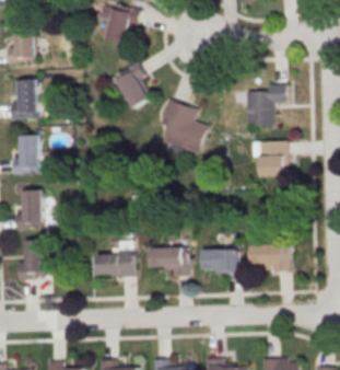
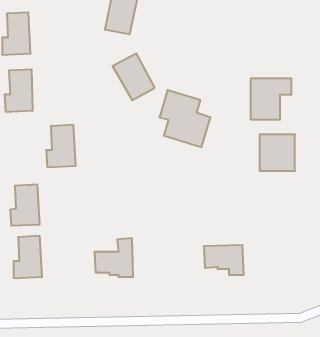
building: [12,134,40,174] -> [46,125,76,167]
building: [250,242,290,271] -> none
building: [149,246,188,276] -> none

